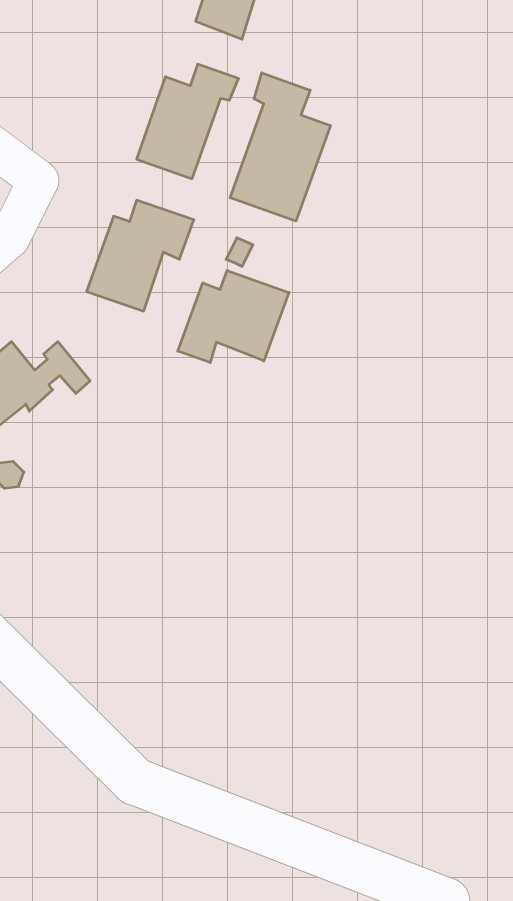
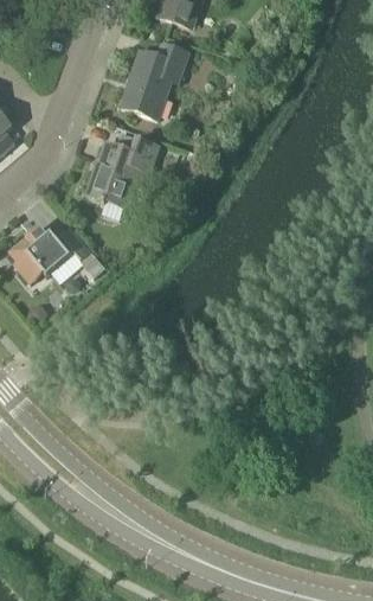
building: [230,73,330,221] -> none
building: [178,270,289,363] -> none

